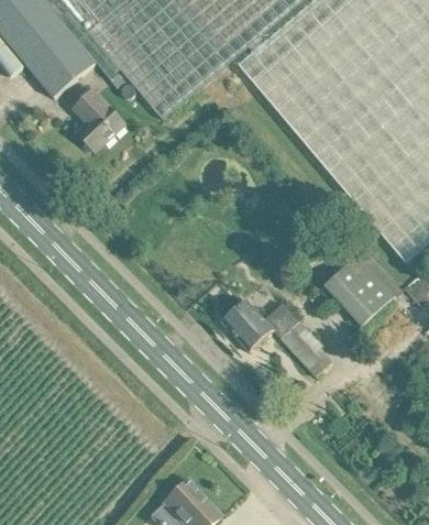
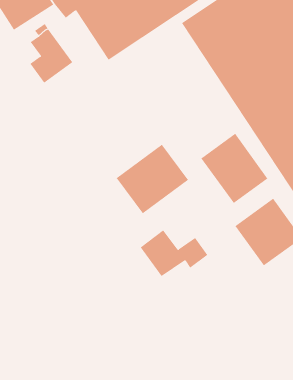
building: none -> [200,133,268,204]
building: none -> [116,144,189,214]
building: [282,319,334,376] -> none

